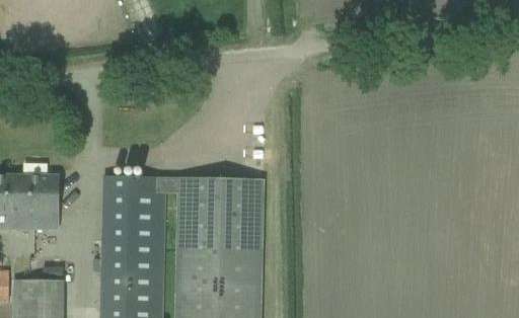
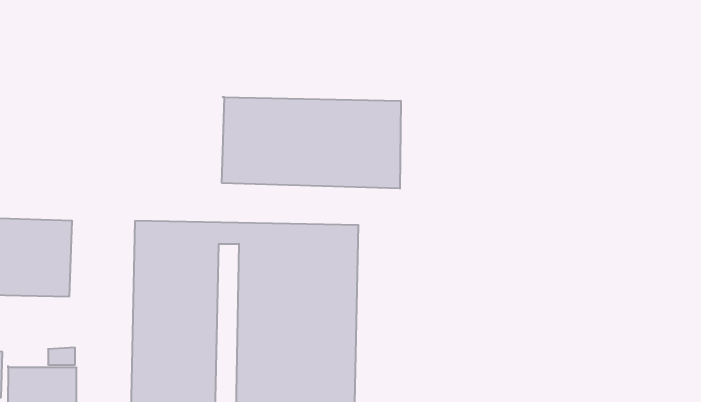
building: none -> [222,97,401,189]

